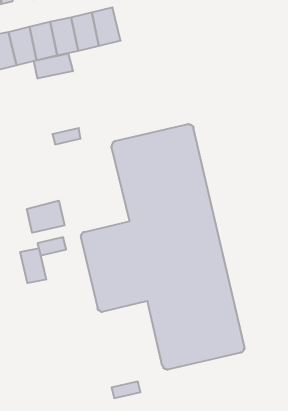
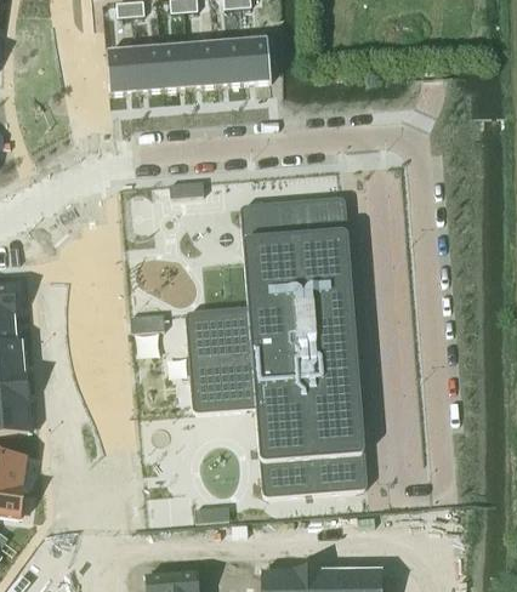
building: [34,54,73,79] -> none
building: [27,201,64,233] -> none
building: [20,248,46,283] -> none

